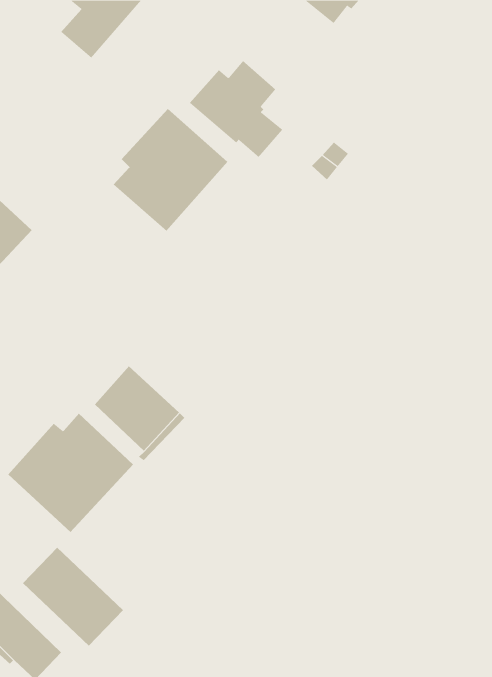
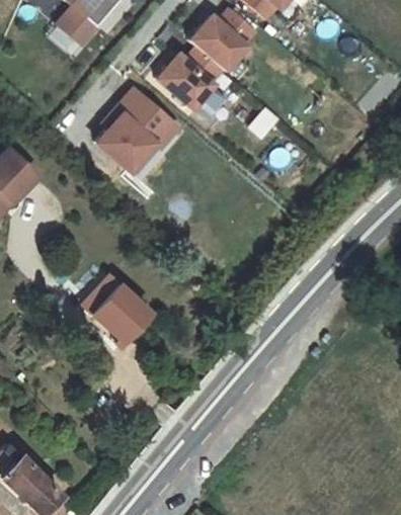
building: none -> [189,8,255,70]
building: [8,413,134,533] -> none
building: [22,547,124,646] -> none

